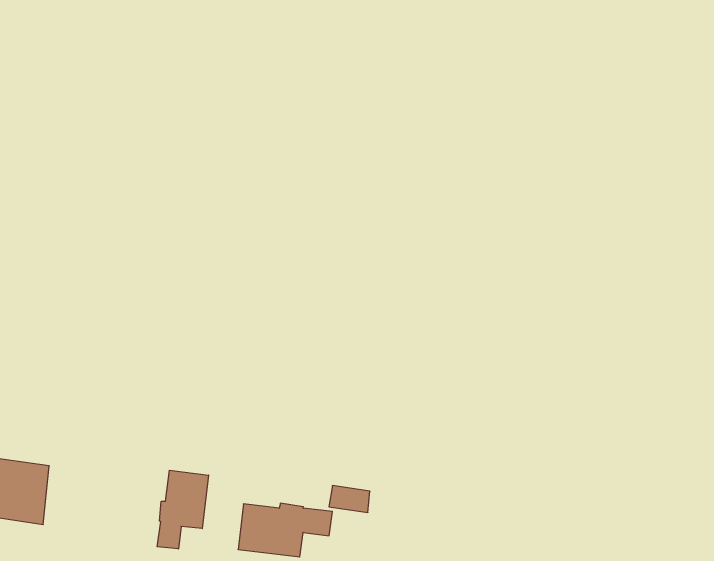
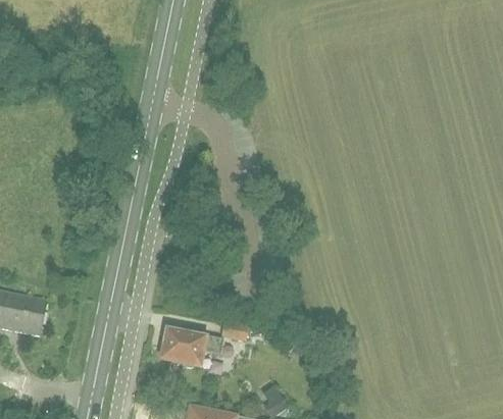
building: [157,470,209,549] -> none

